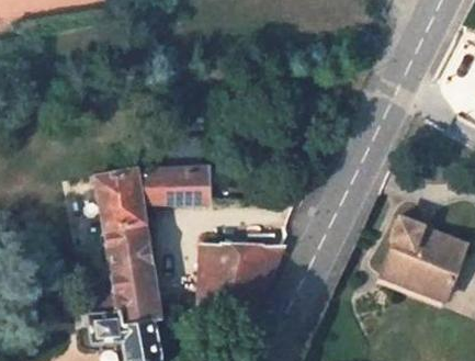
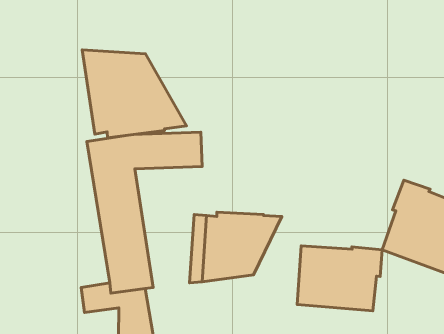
building: none -> [82,50,187,138]
building: none -> [297,246,382,311]

